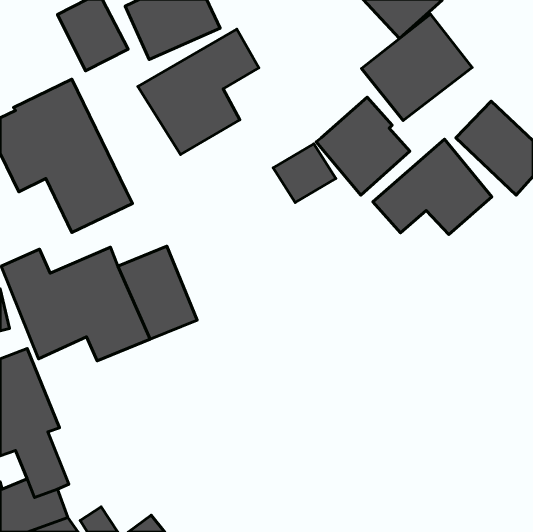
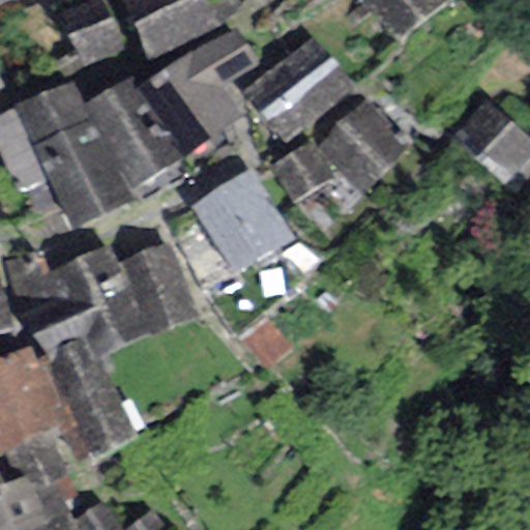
building: [362,14,472,121] -> [243,36,353,142]
building: none -> [83,78,182,189]
building: [373,139,492,235] -> none
building: none -> [189,168,293,272]
building: none -> [38,334,132,459]

